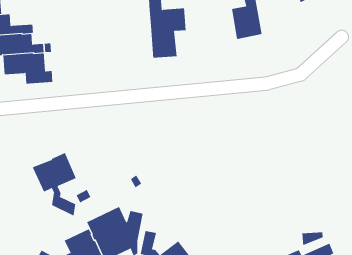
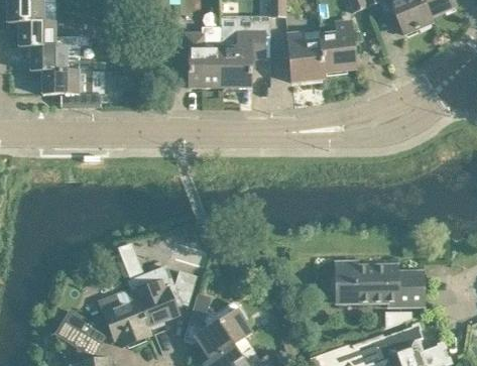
building: none -> [287,30,324,82]
building: none -> [183,24,221,88]
building: [32,152,77,217] -> none
building: none -> [336,262,424,306]

